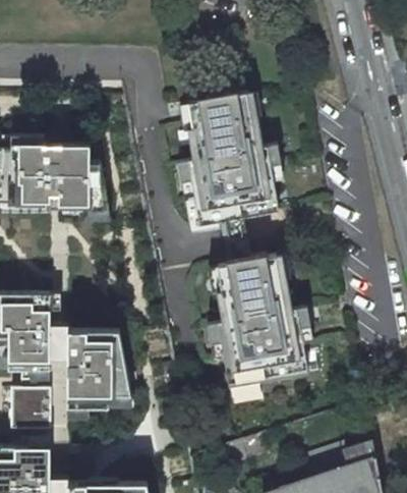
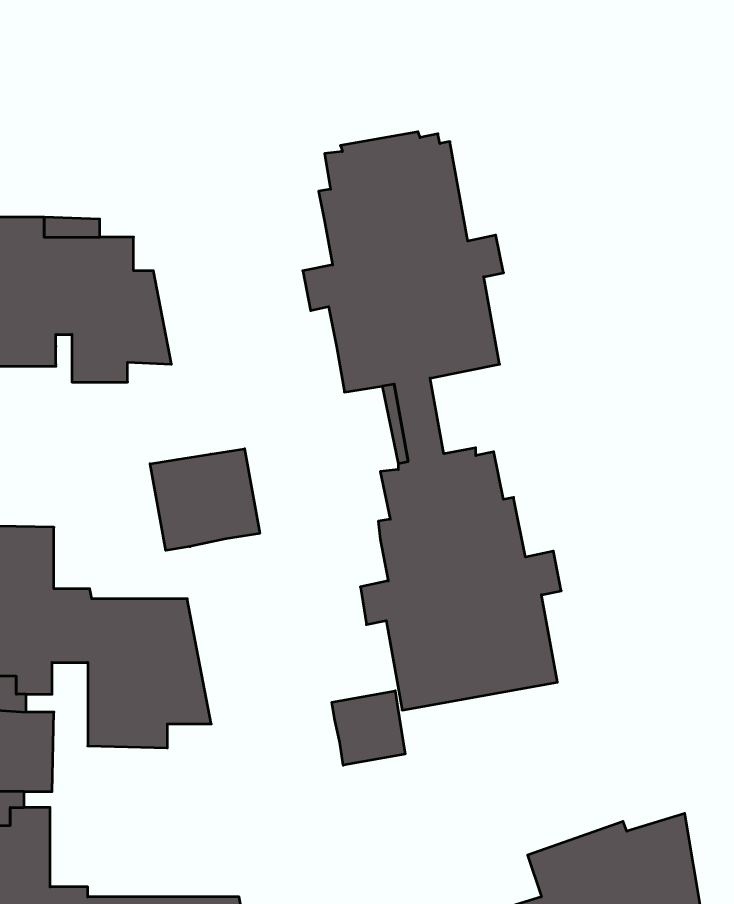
building: none -> [150,449,260,550]
building: none -> [332,691,405,765]

